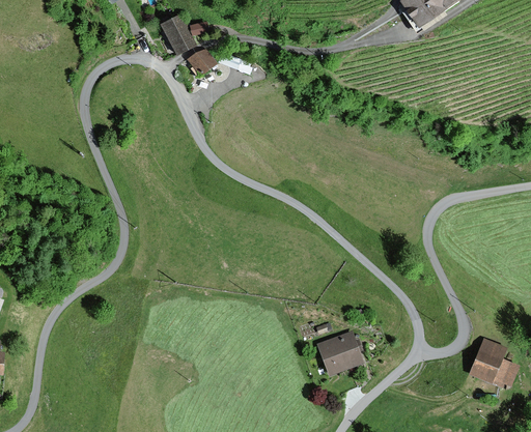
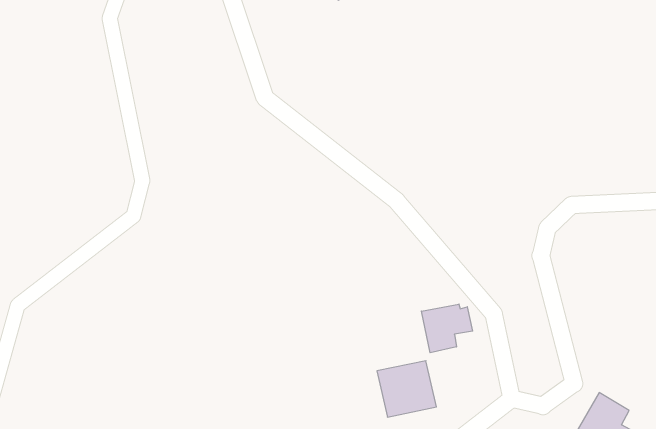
building: none -> [421,304,473,353]

